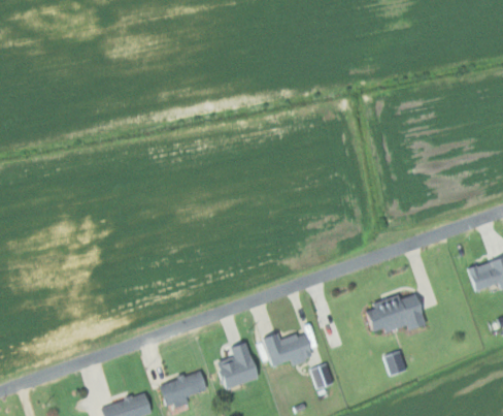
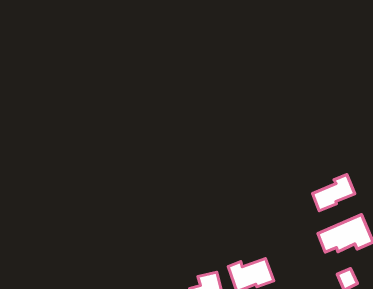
building: none -> [312,175,355,211]

